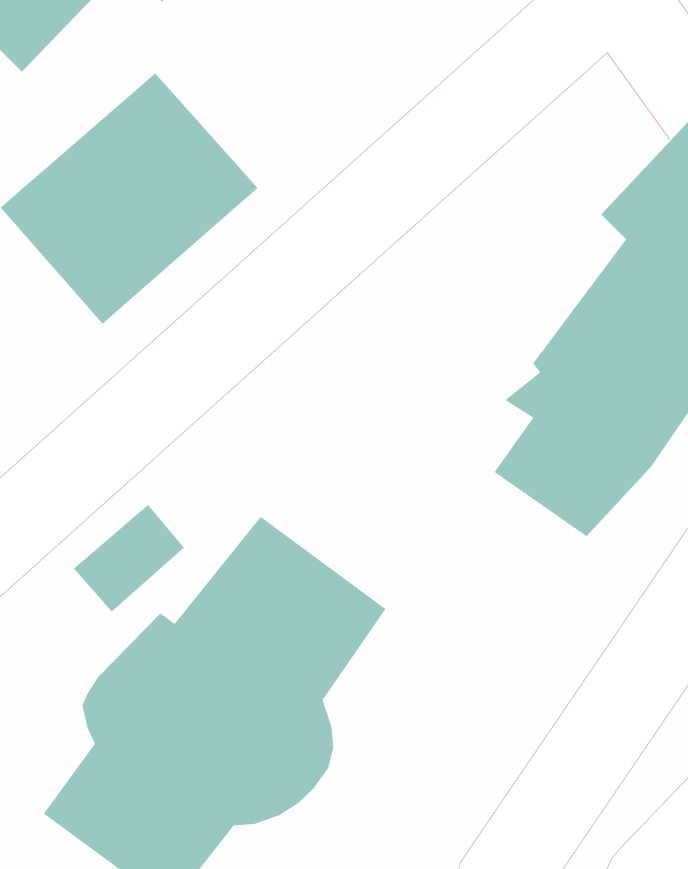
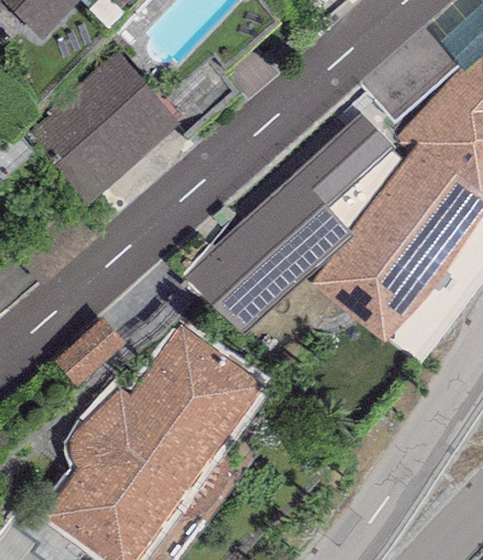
building: none -> [187,105,398,336]

